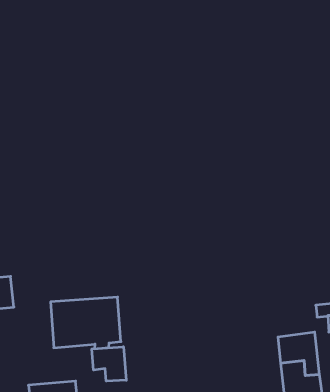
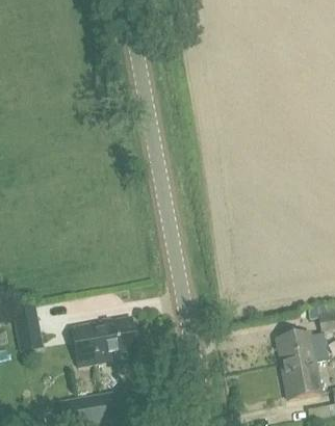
building: [92,347,126,381] -> none

